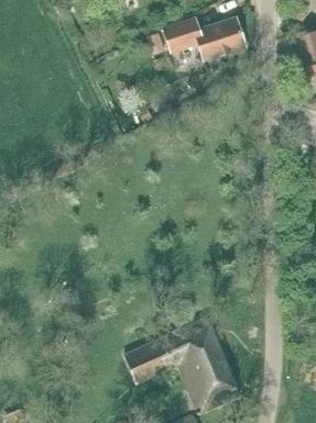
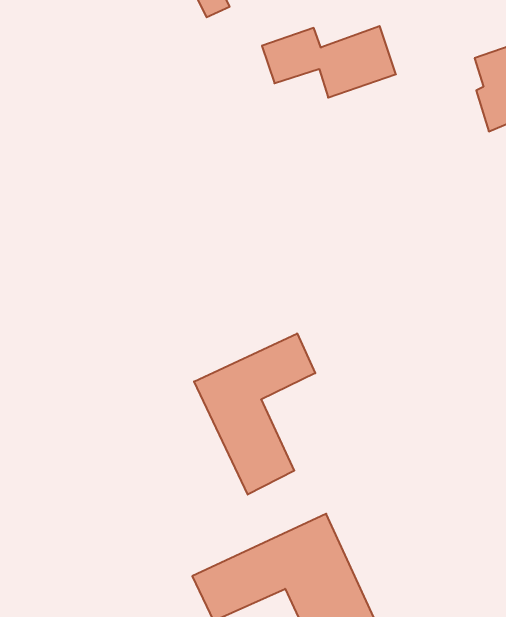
building: none -> [194,333,315,495]

